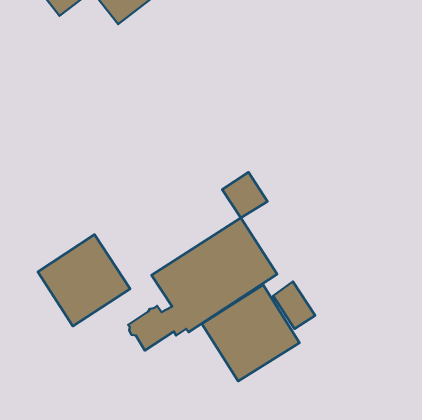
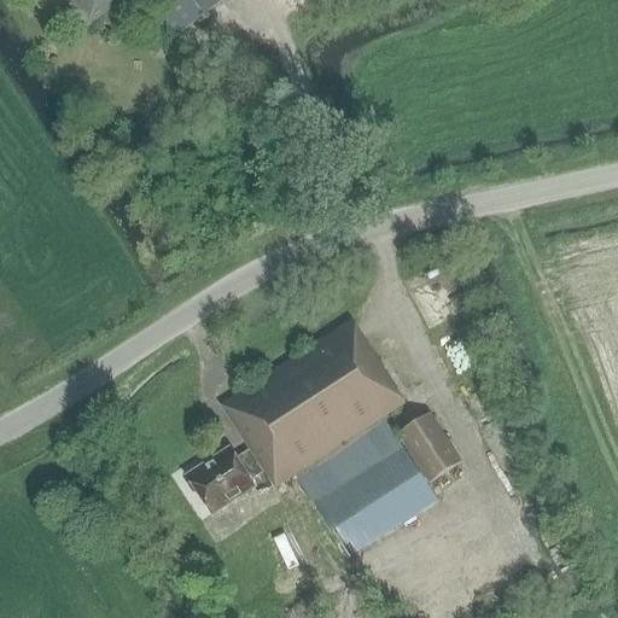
building: [222,172,267,218] -> none
building: [38,234,130,326] -> none

